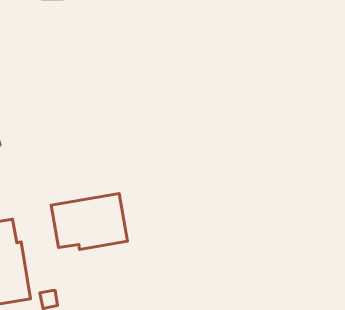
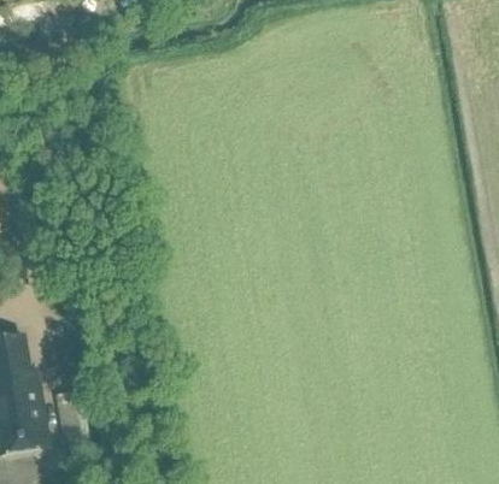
building: [51,194,127,249] -> none

